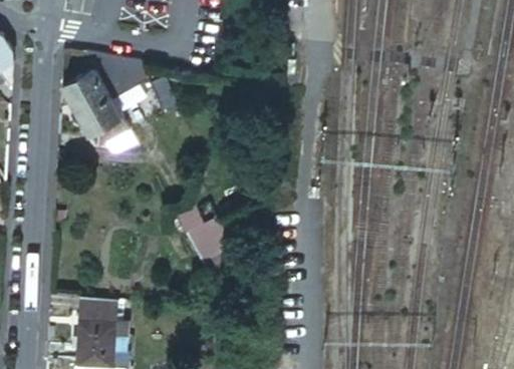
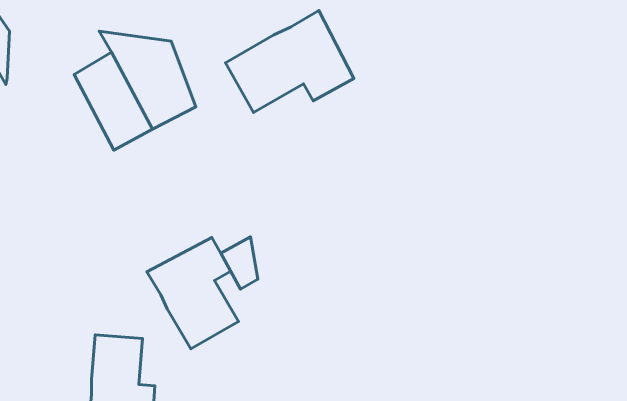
building: none -> [225,11,354,112]
building: none -> [147,238,238,349]

